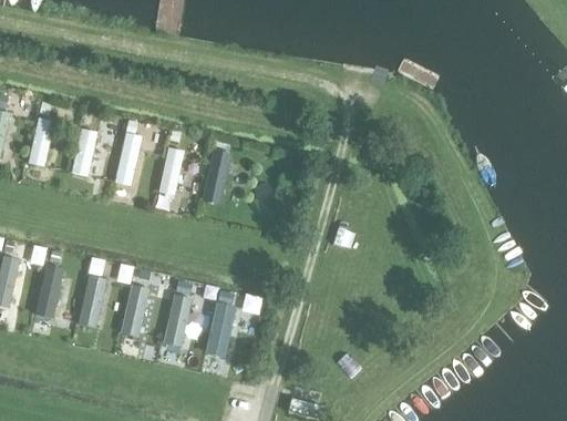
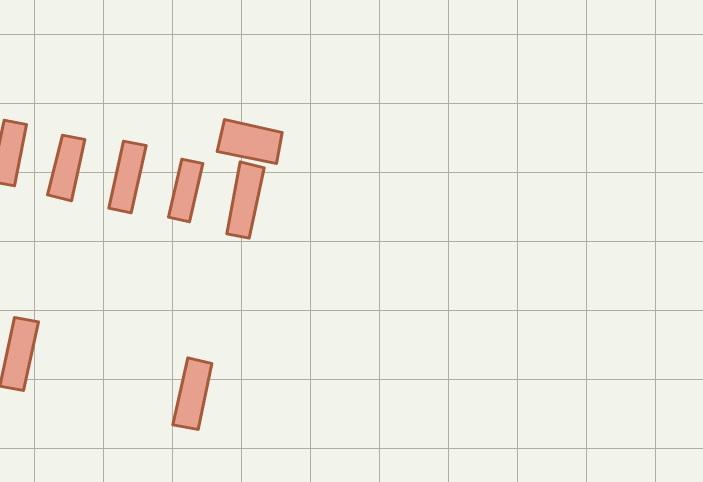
building: none -> [217,120,282,163]
building: [78,275,106,327] -> none
building: [121,284,150,337] -> none
building: [206,301,236,357] -> none

